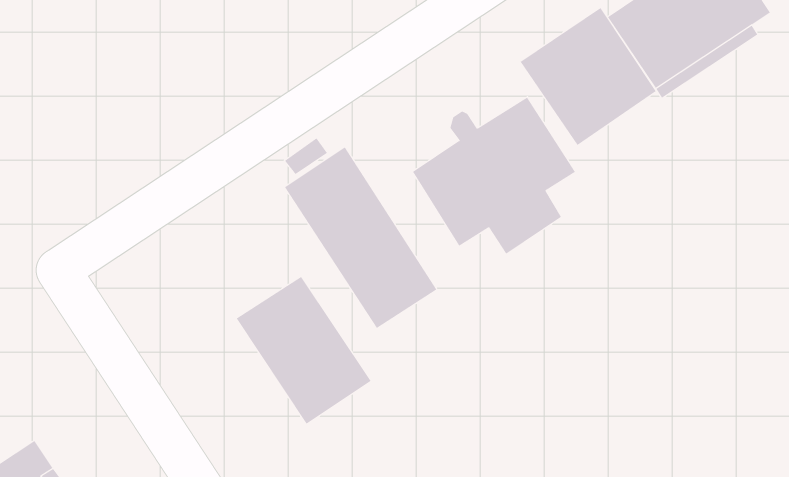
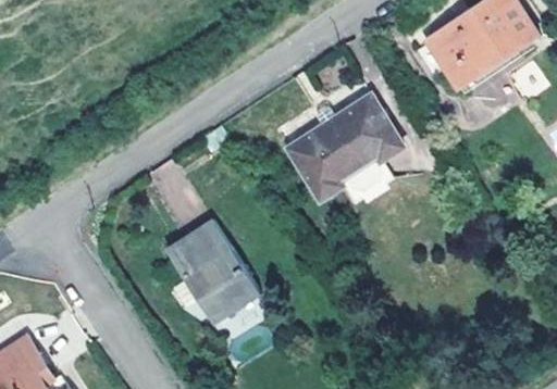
building: [520,7,656,146] -> none
building: [284,146,437,329] -> none

